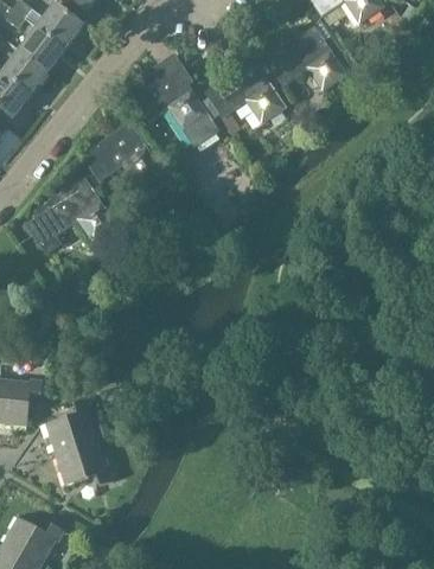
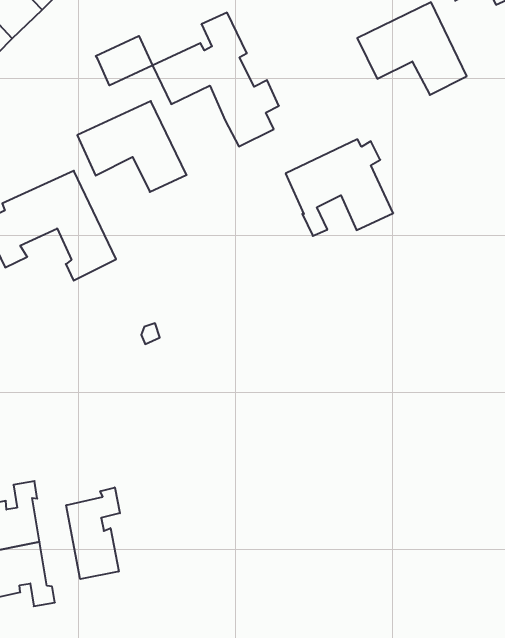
building: [206,62,285,133] -> [286,139,393,236]
building: none -> [96,36,153,85]
building: none -> [66,487,120,579]

